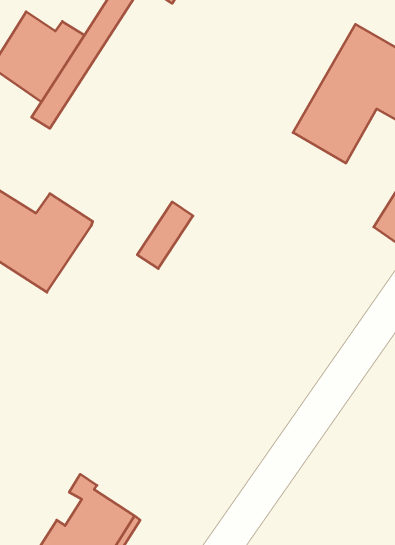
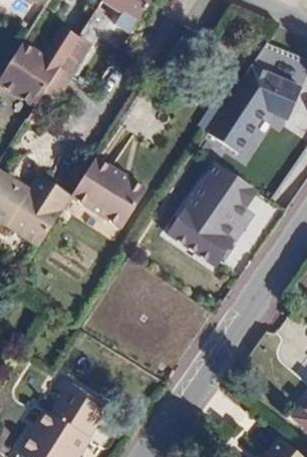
building: none -> [170,154,269,268]
building: none -> [69,157,127,217]

